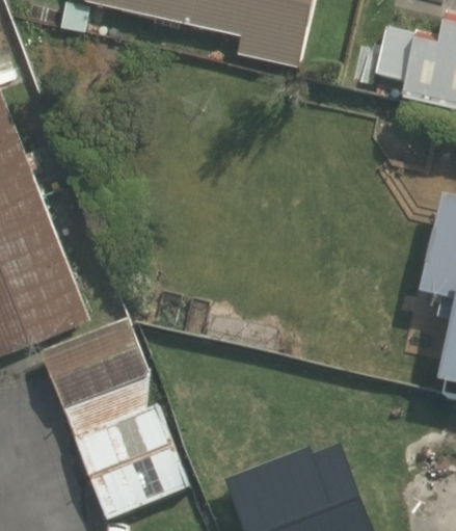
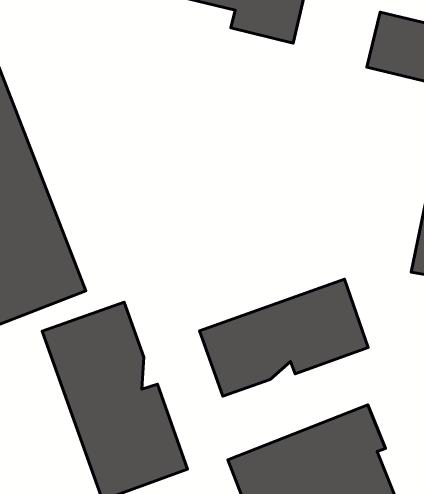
building: none -> [199,279,368,396]

